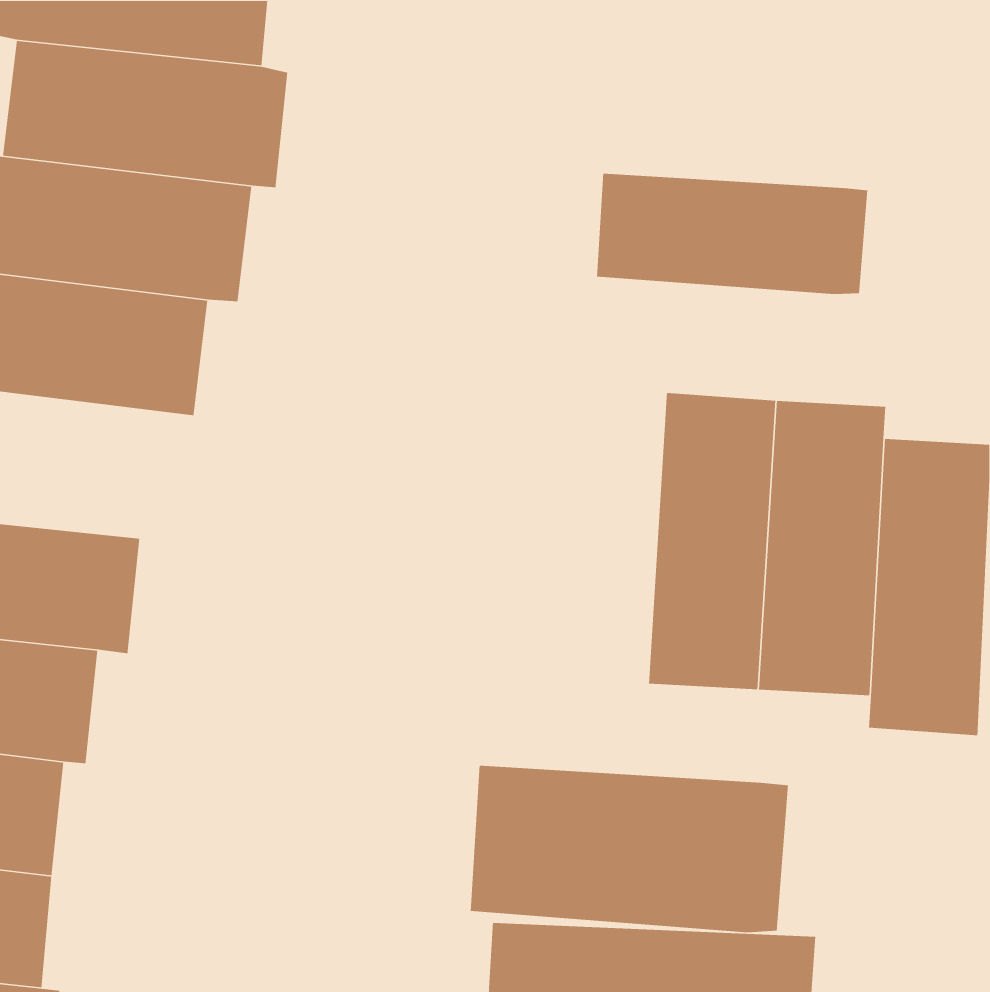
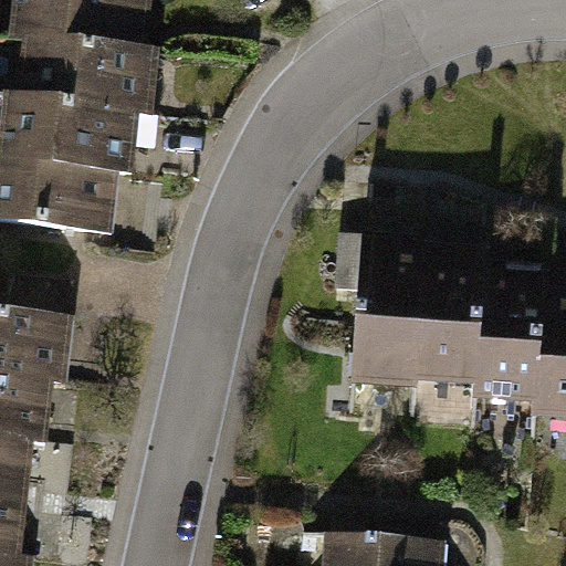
building: [596,173,868,295] -> none
building: [470,765,789,933] -> none

